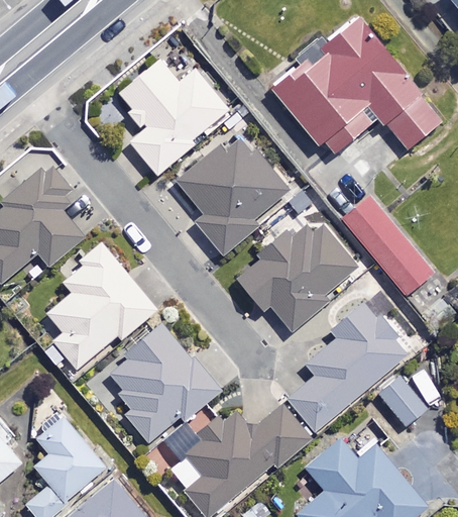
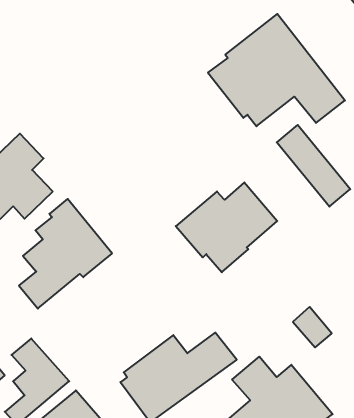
building: [119,60,228,176] -> none
building: [178,131,289,256] -> none
building: [341,196,431,296] -> [277,125,350,207]
building: [289,302,410,430] -> none
building: [108,325,220,441] -> none

